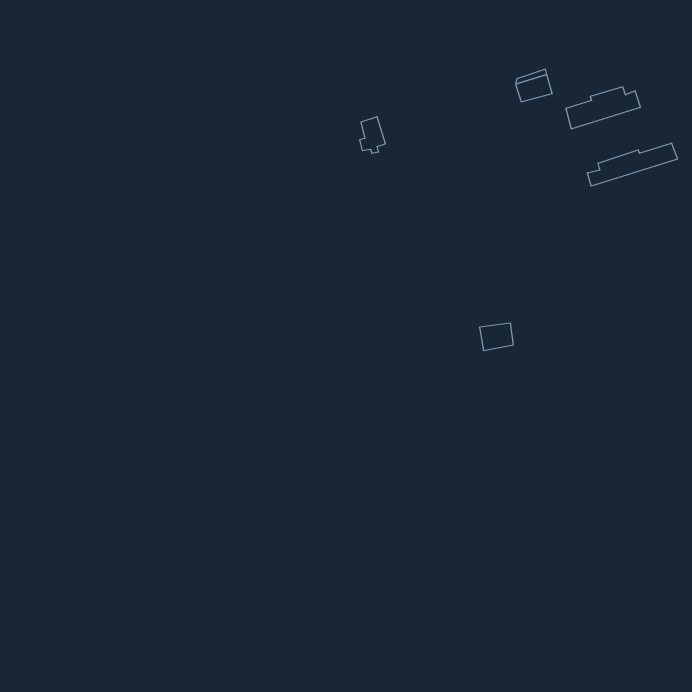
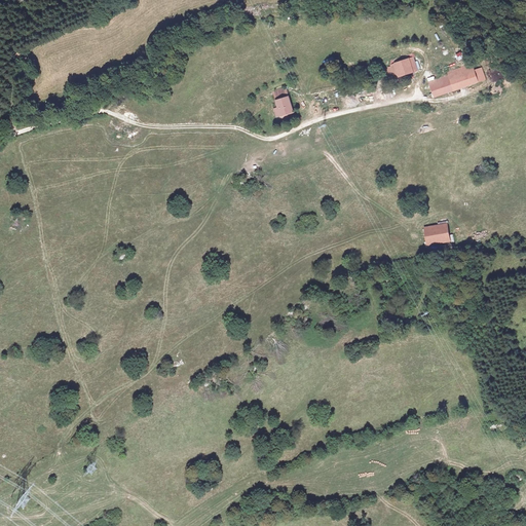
building: [587,143,678,186] -> none
building: [479,323,513,350] -> [420,225,446,246]

